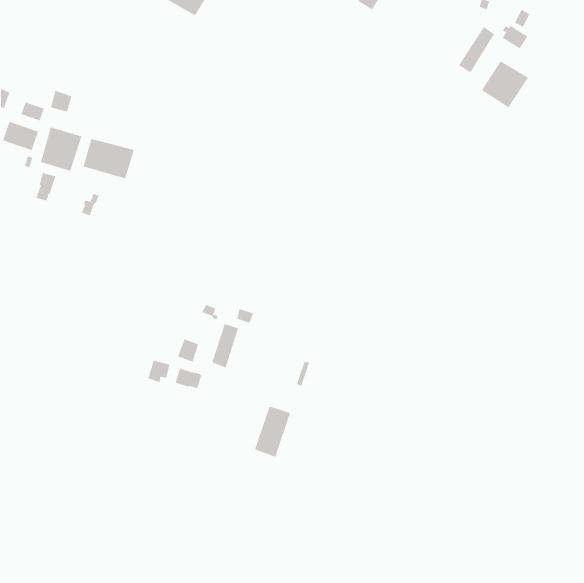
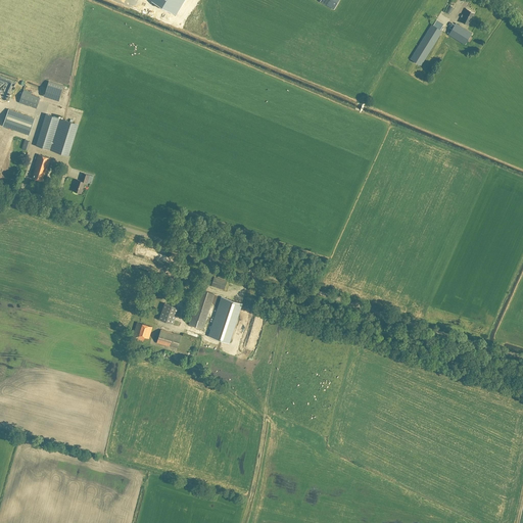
building: [481,60,529,108] -> none
building: [83,138,134,179] -> none
building: [254,406,291,457] -> [204,295,237,341]

